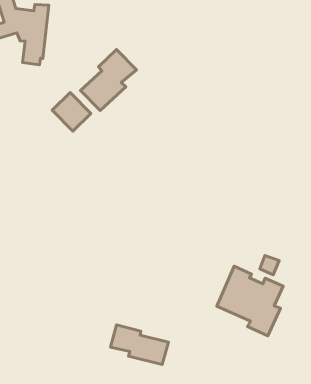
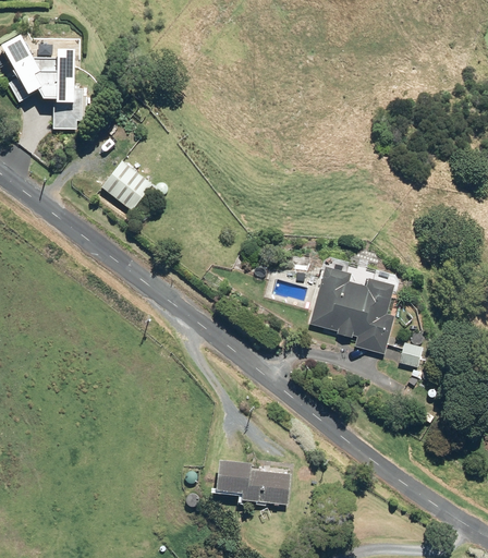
building: [80,50,136,110] -> none
building: [217,266,283,336] -> [308,268,392,354]

